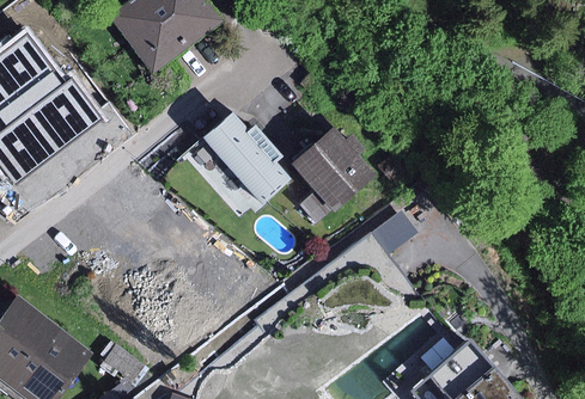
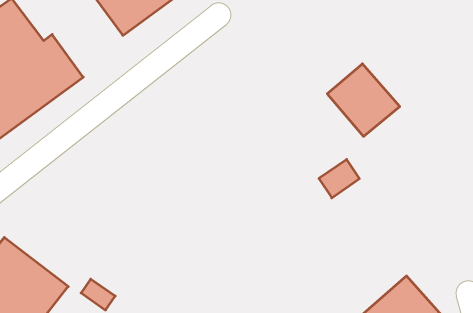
building: [202,115,290,207] -> none
building: [292,129,373,210] -> [327,64,400,136]

